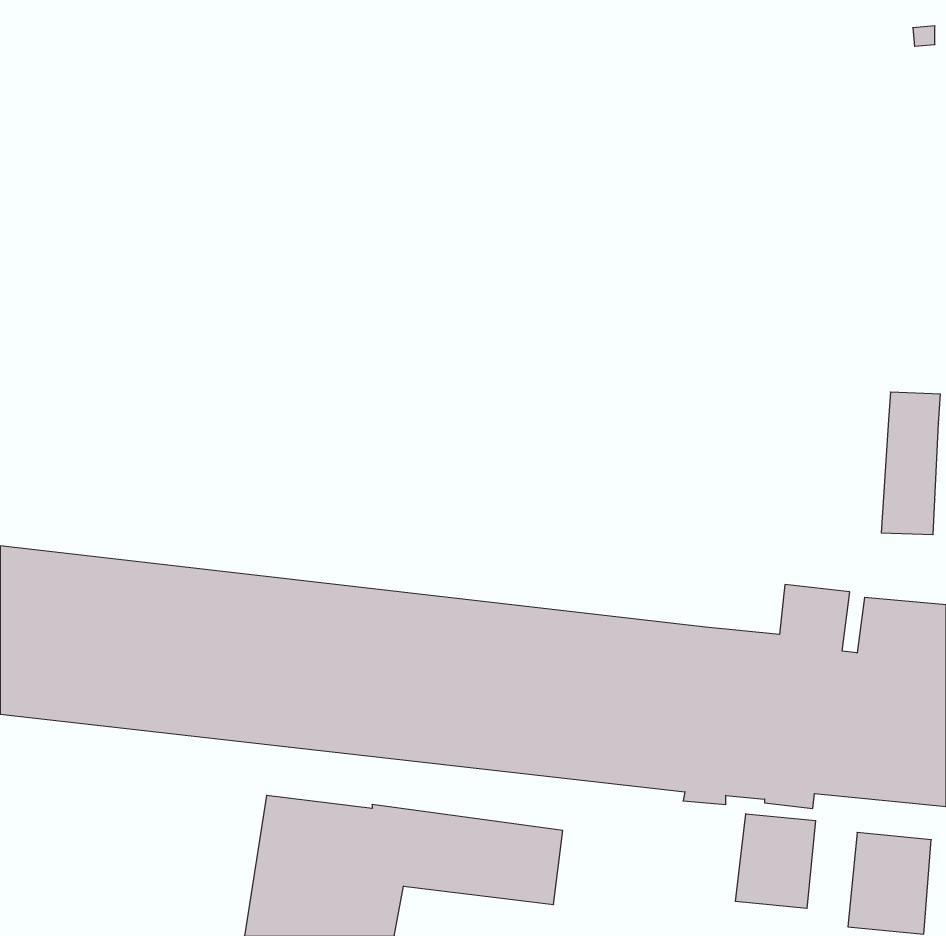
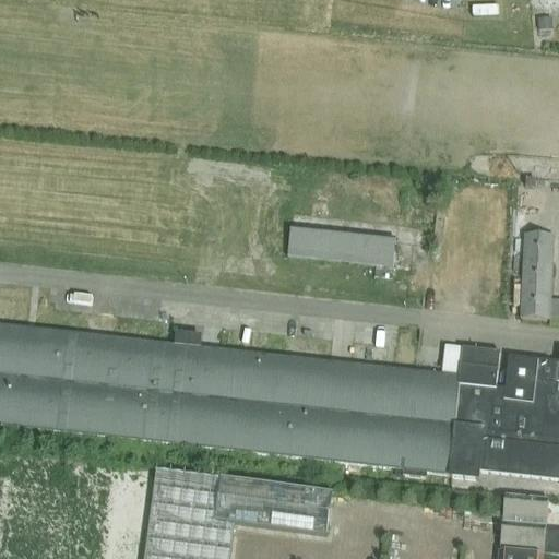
building: none -> [287,227,395,265]
building: [735,814,816,908] -> none

